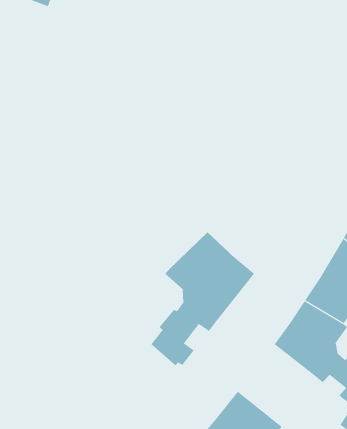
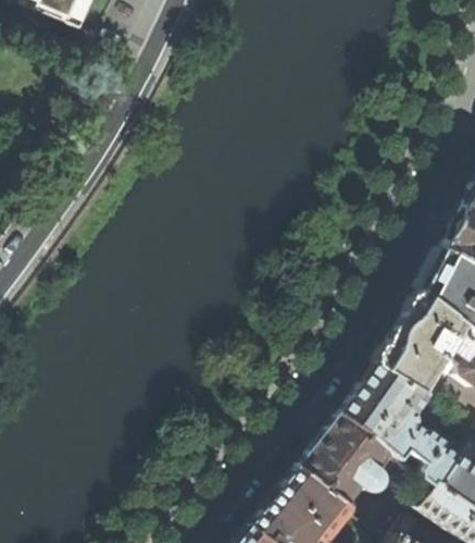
building: [150,231,255,366] -> none
building: none -> [305,418,392,507]

